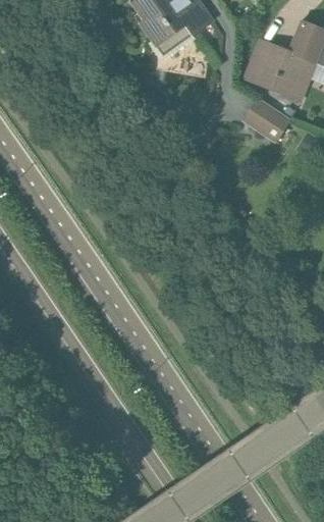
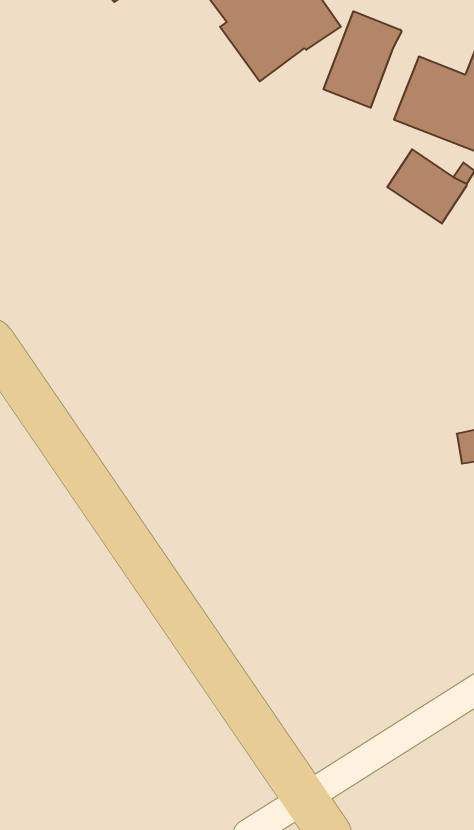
building: none -> [324,11,401,108]

